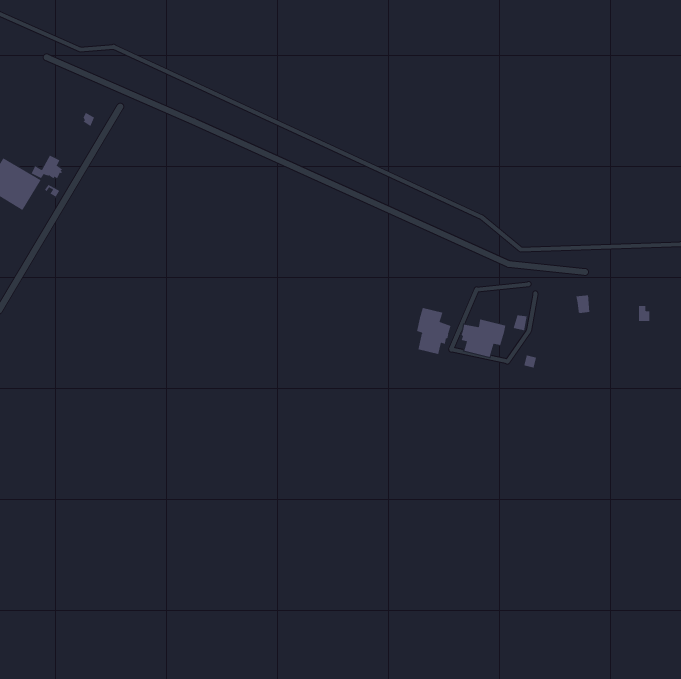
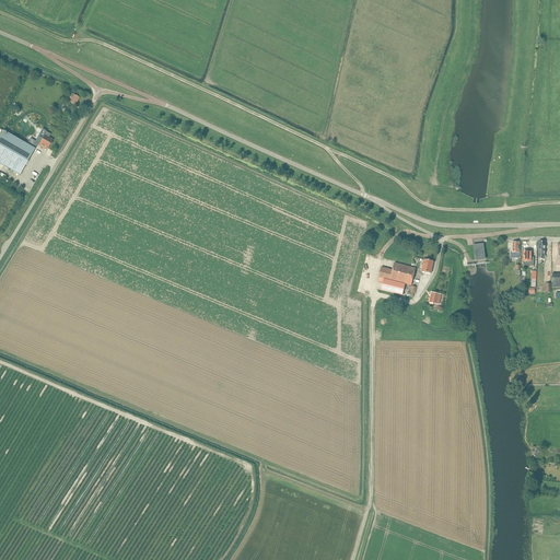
building: [417,307,451,355] -> none

